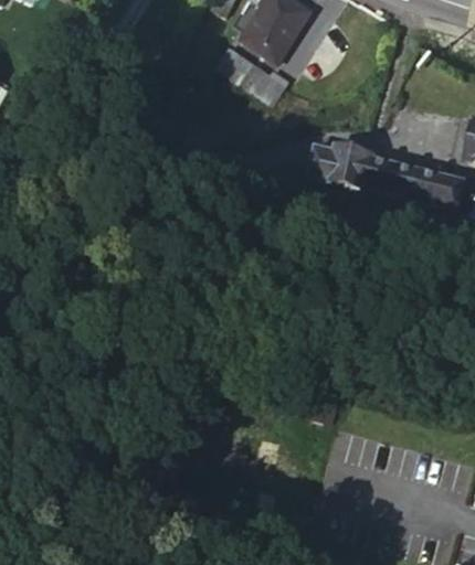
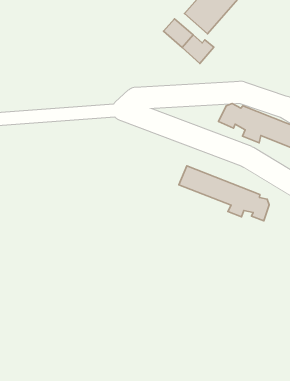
building: none -> [179,166,269,221]

